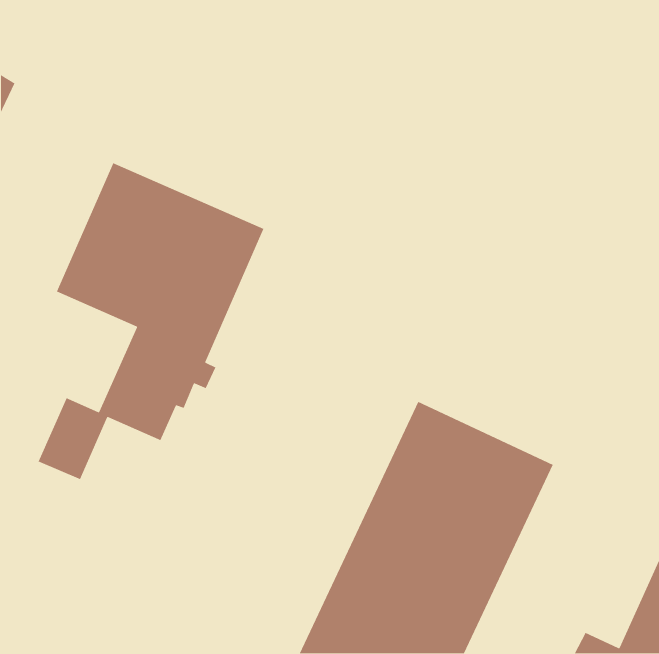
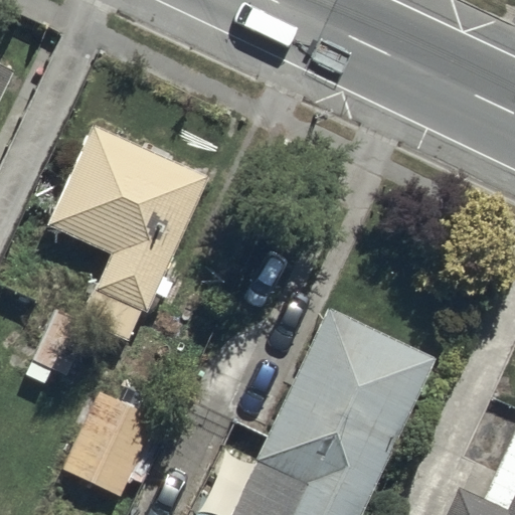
building: none -> [62,393,168,497]

